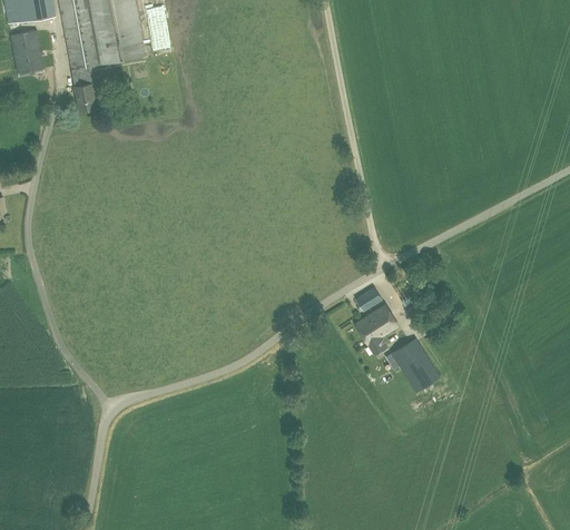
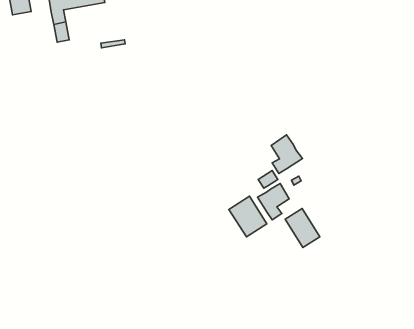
building: none -> [271,135,302,174]
building: none -> [229,196,267,237]

